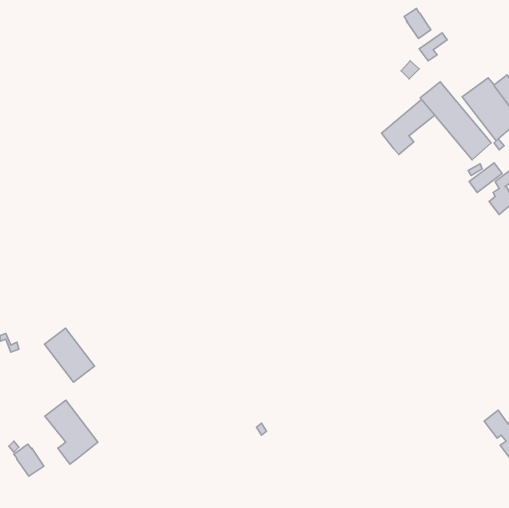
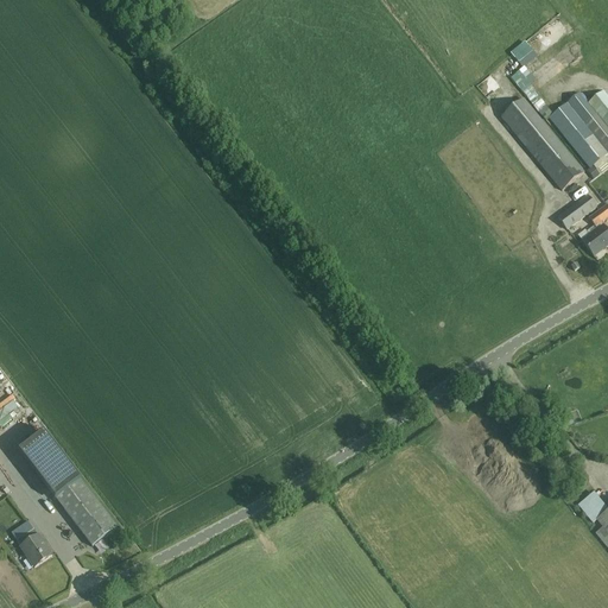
building: [404,9,431,39] -> none
building: [381,99,435,155] -> none
building: [45,328,94,382] -> [20,431,80,495]

